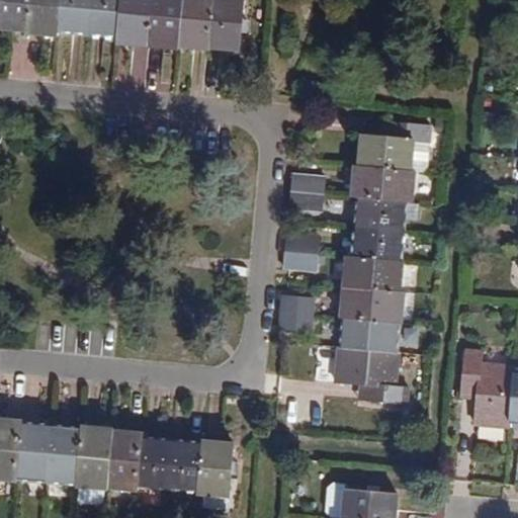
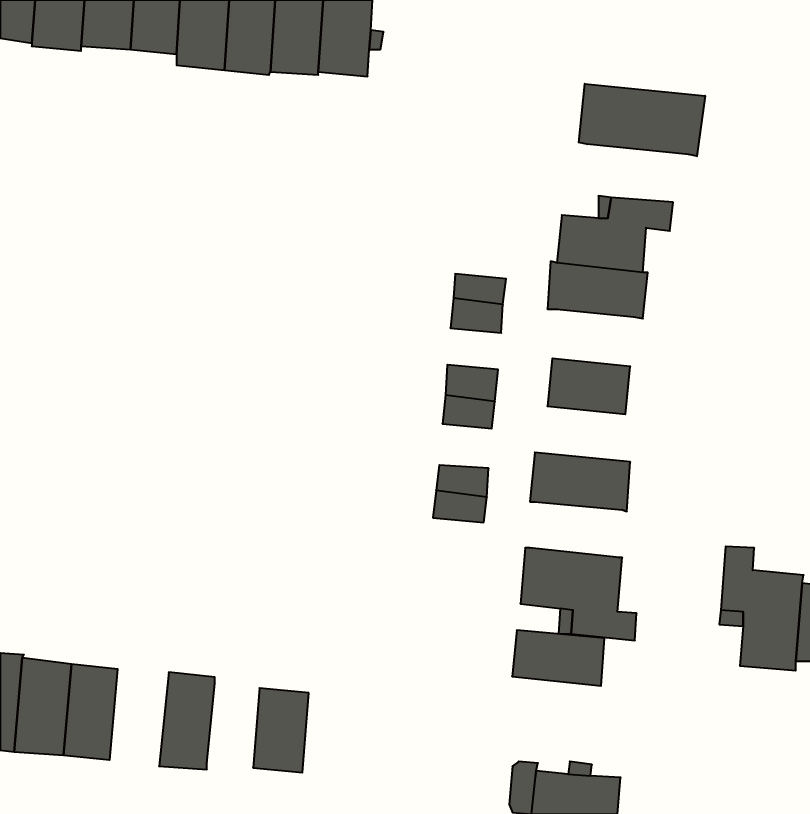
building: none -> [579,84,705,156]
building: [353,196,405,233] -> none
building: [342,258,406,293] -> none
building: [339,319,398,354] -> [512,630,604,686]
building: [72,424,109,489] -> none
building: [134,434,167,488] -> none
building: [194,439,231,495] -> none

